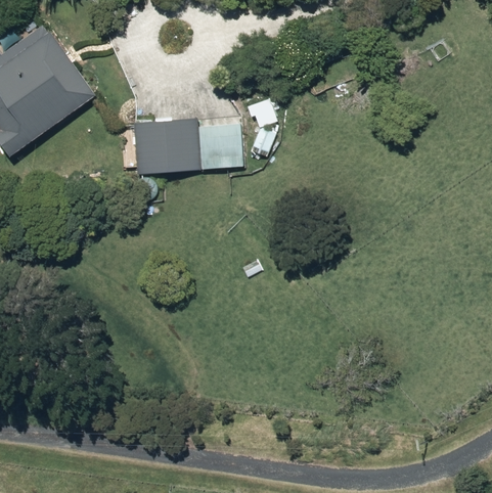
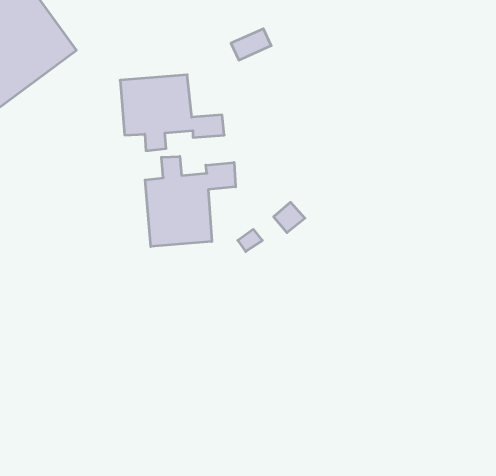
building: none -> [145,156,236,247]

